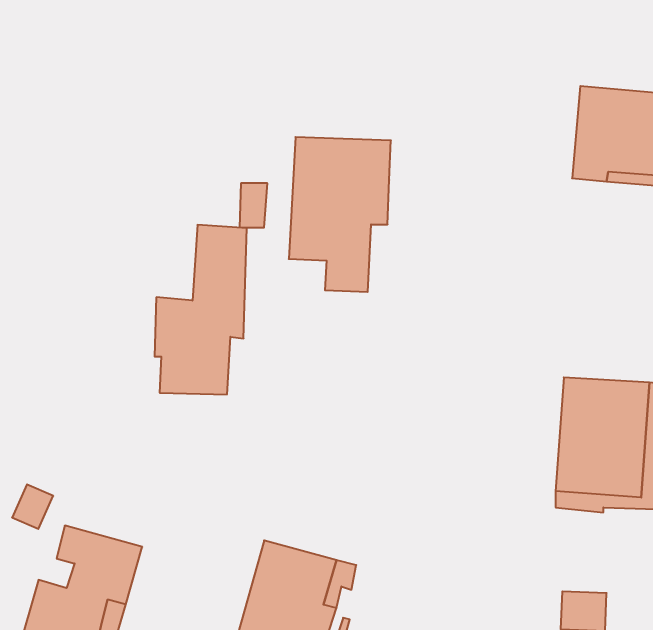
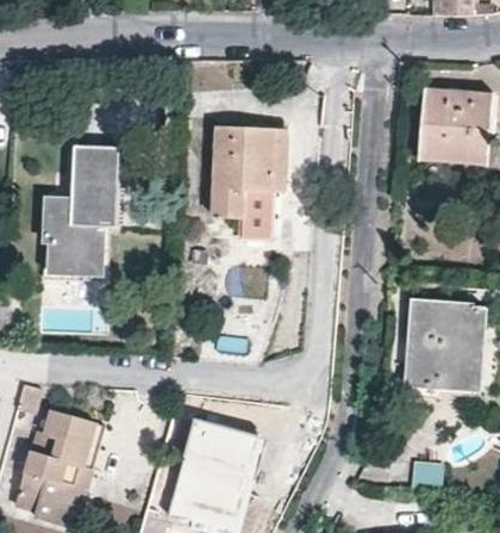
building: [155,225,247,394] -> [44,144,111,267]

